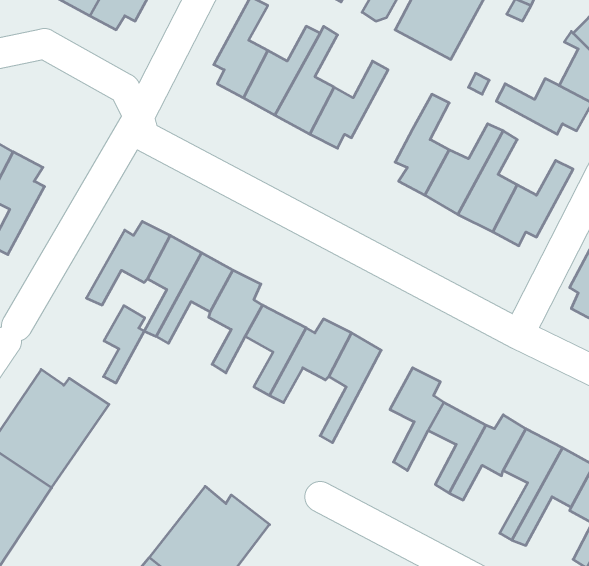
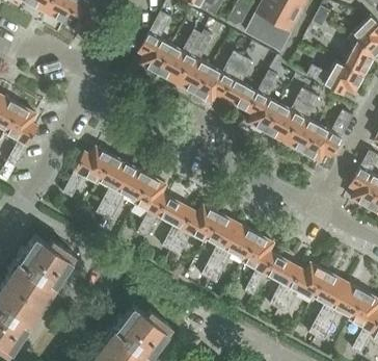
building: none -> [220,55,256,110]
building: [103,306,145,383] -> none
building: none -> [209,223,256,282]

